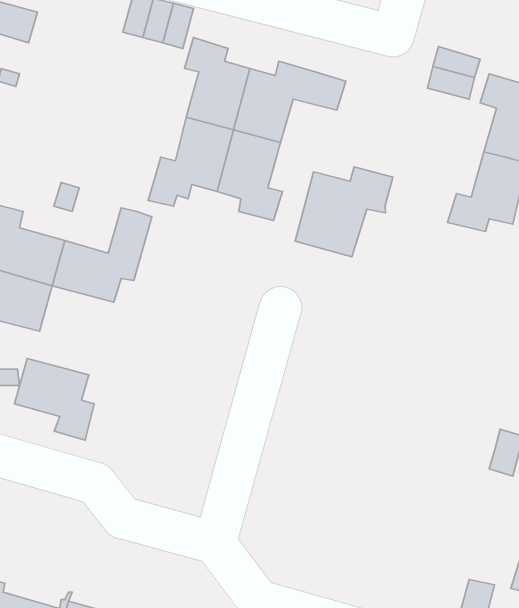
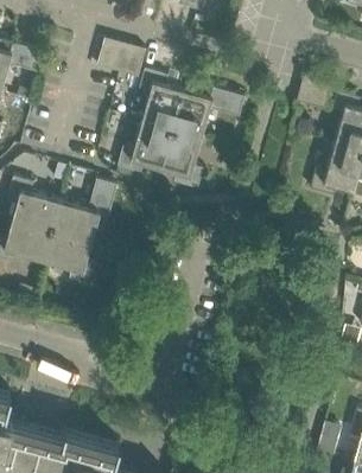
building: [295,167,393,257] -> none
building: [14,359,94,440] -> [44,231,96,285]

